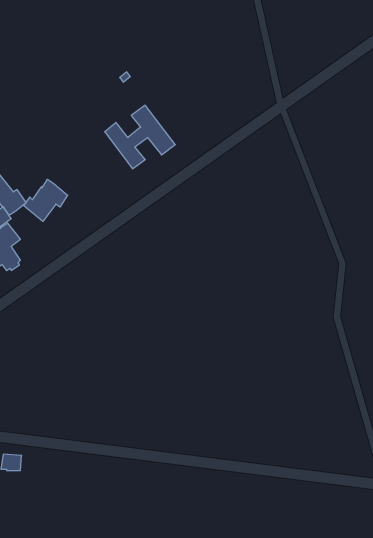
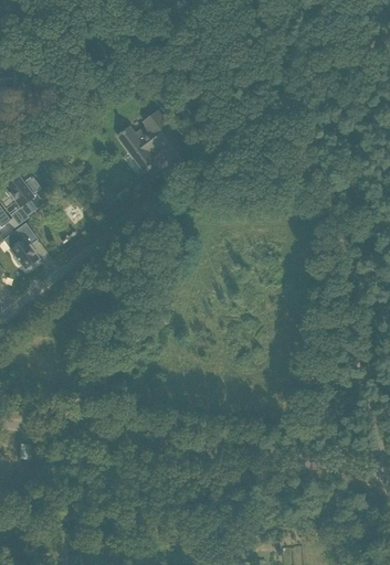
building: [24,179,68,221] -> none

